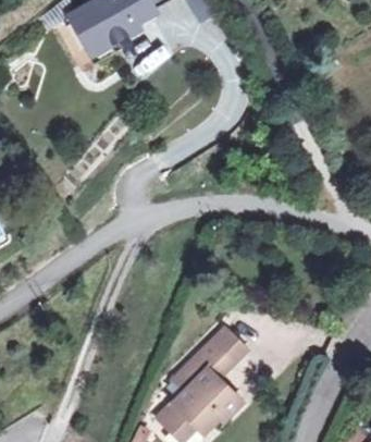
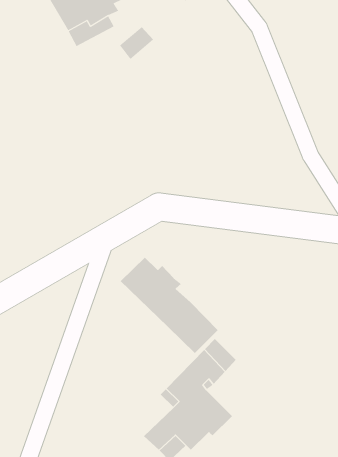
building: none -> [120,257,219,354]

